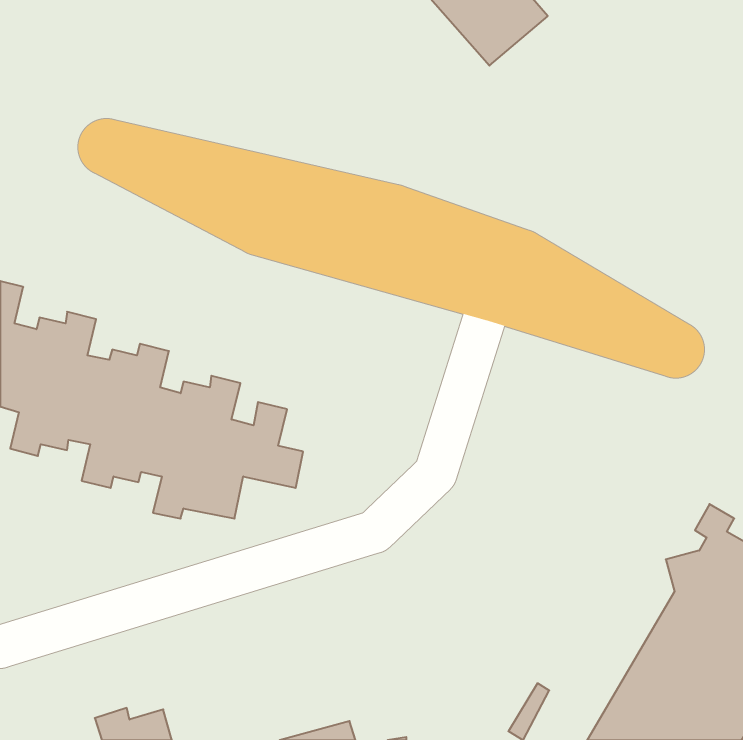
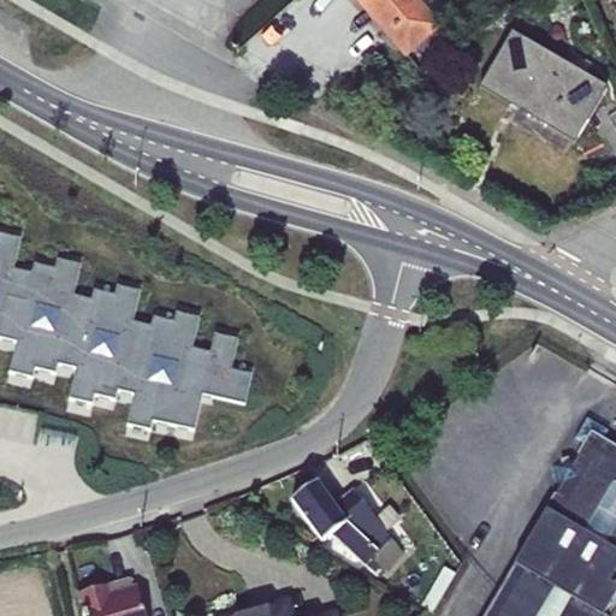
building: none -> [480,32,606,142]
building: none -> [291,481,403,576]

